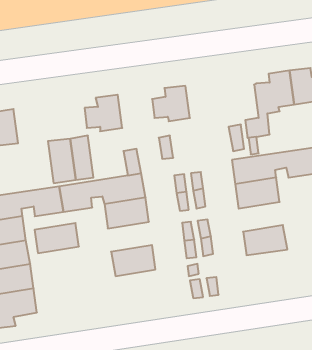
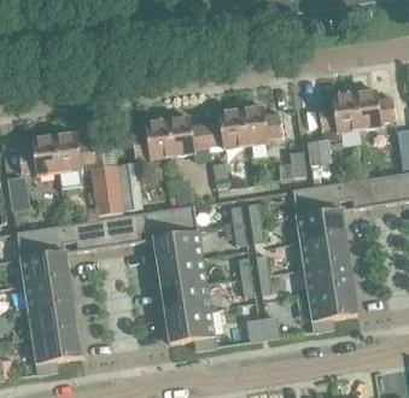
building: none -> [241,105,282,144]
building: none -> [168,116,210,160]
building: none -> [54,131,97,171]
building: none -> [299,235,347,268]
building: [35,223,79,253] -> [157,257,205,289]
building: none -> [308,287,356,330]
building: none -> [165,309,215,349]

